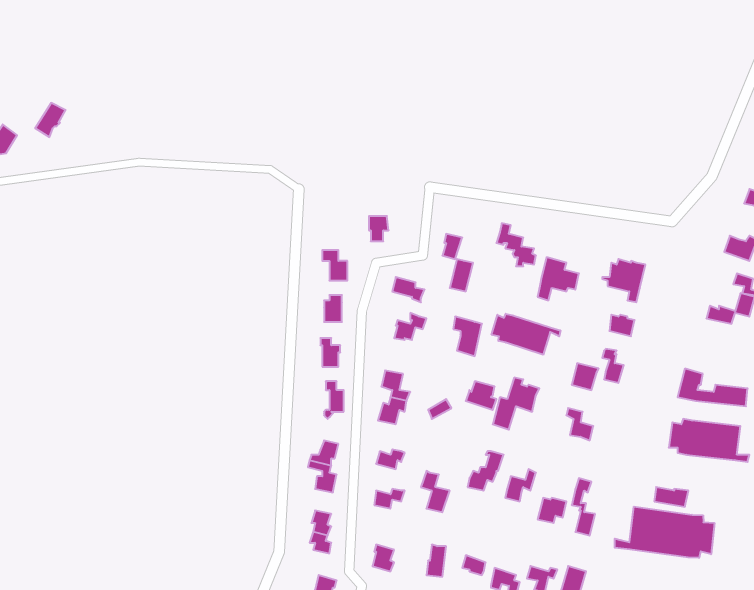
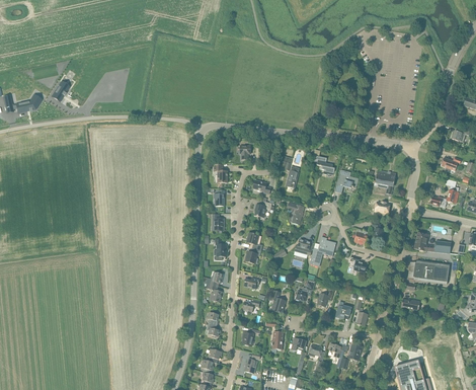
building: [492,314,560,355] -> none
building: [615,507,714,558] -> none

